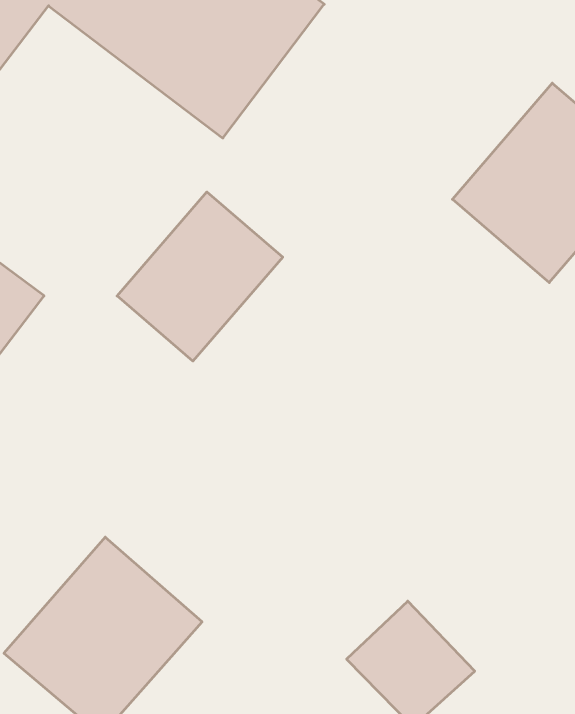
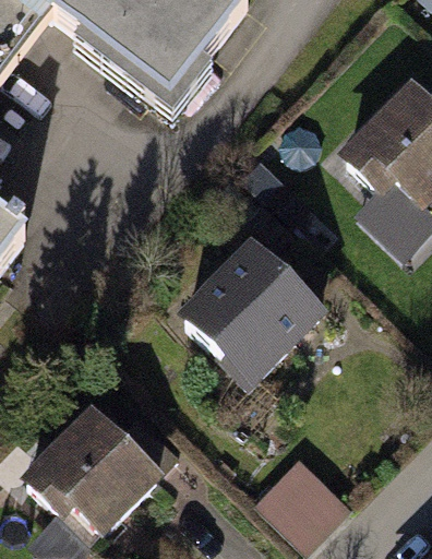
building: [117,192,283,361] -> none
building: none -> [178,241,323,388]

